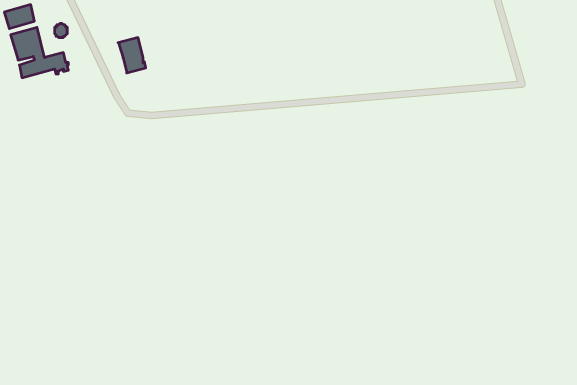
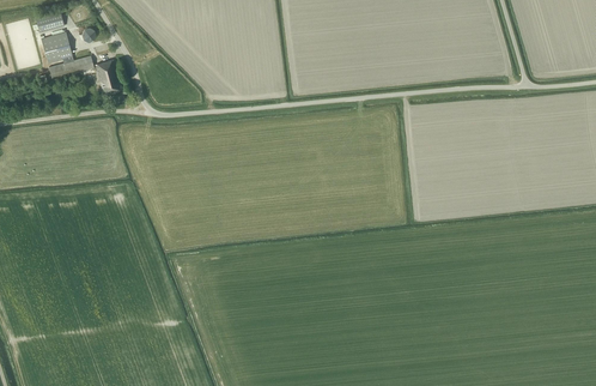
building: [118,38,146,73] -> [93,60,120,94]

